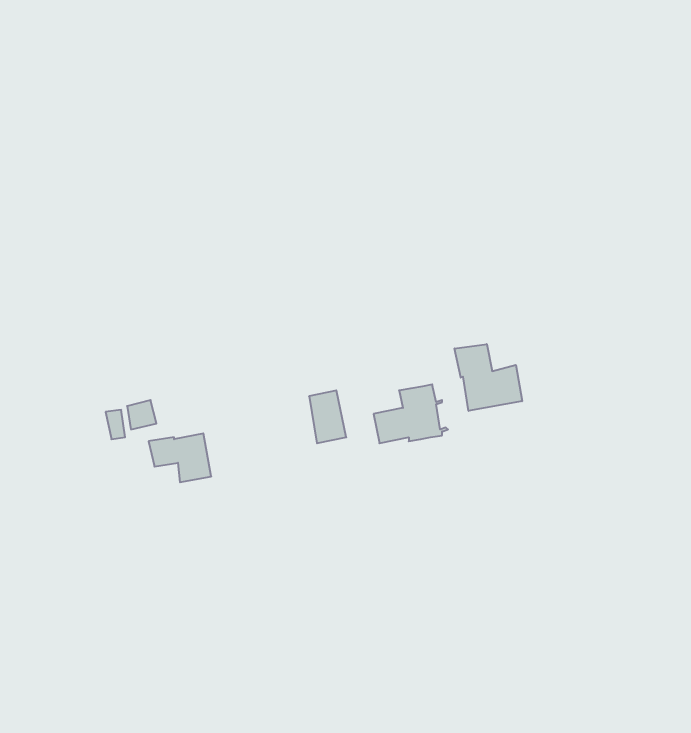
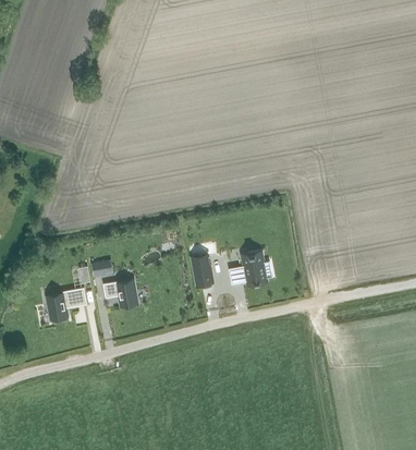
building: [455,344,522,411] -> none
building: none -> [47,288,87,320]

